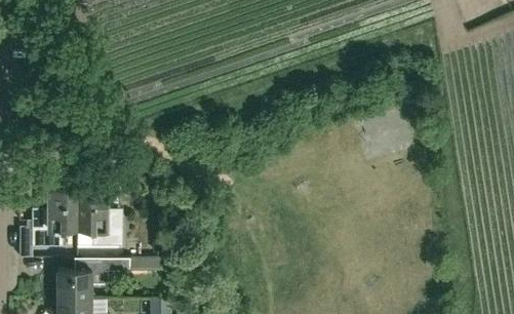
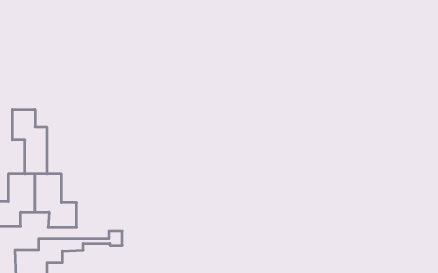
building: none -> [12,109,47,174]

